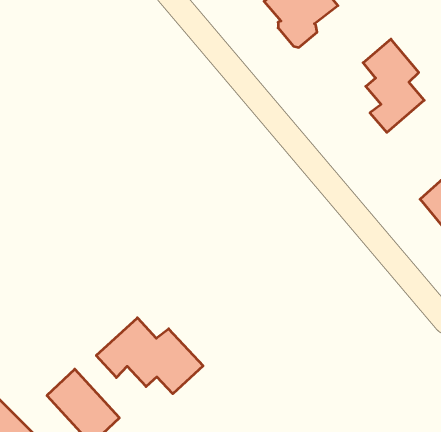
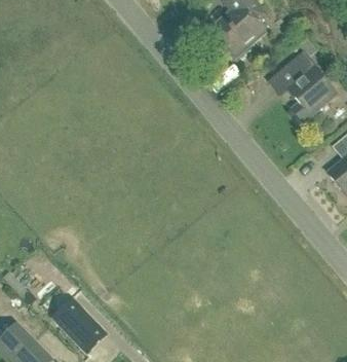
building: [96,318,203,394] -> none

